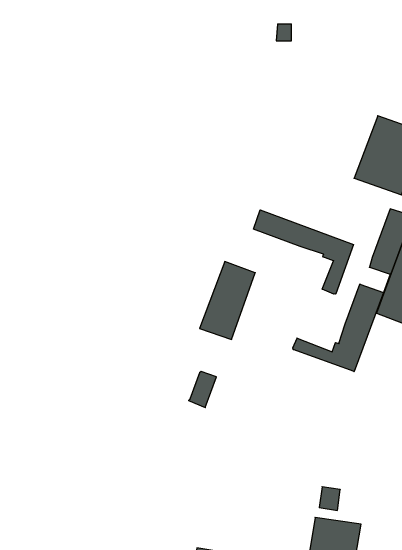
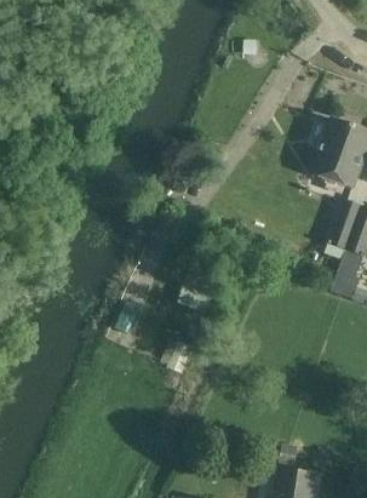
building: [254,210,354,294] -> none
building: [293,284,383,372] -> none

